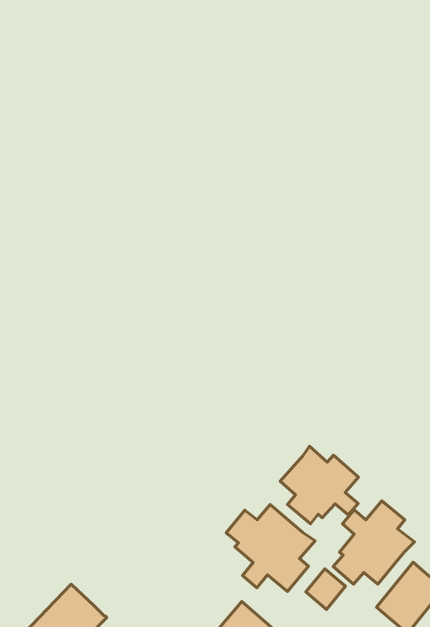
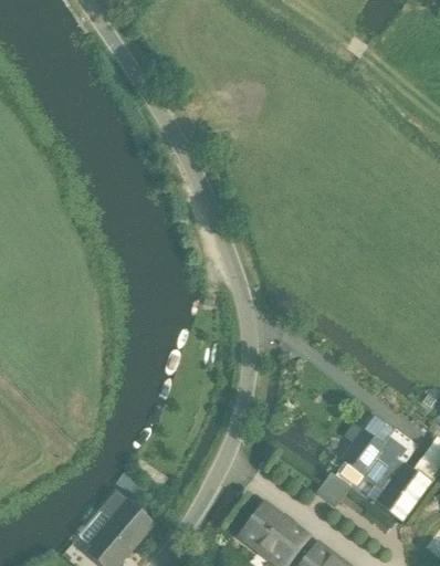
building: [280,446,359,524] -> none
building: [226,505,315,591] -> none

